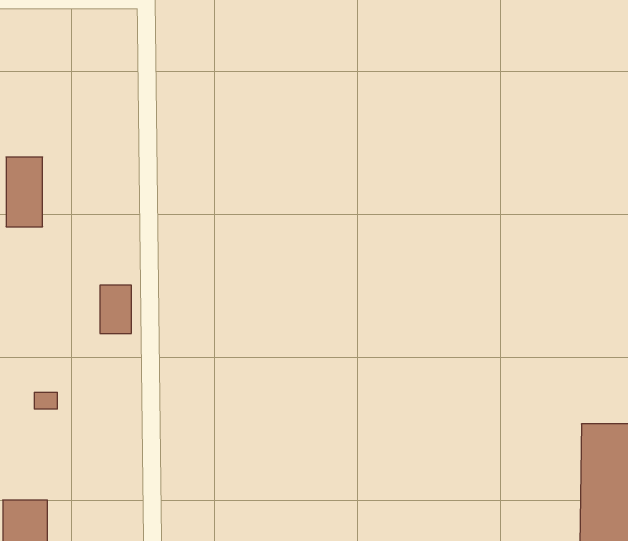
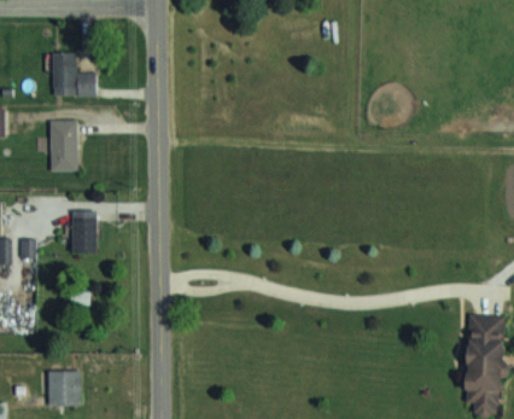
building: none -> [53,53,97,97]
building: [100,285,131,333] -> [74,217,97,252]

